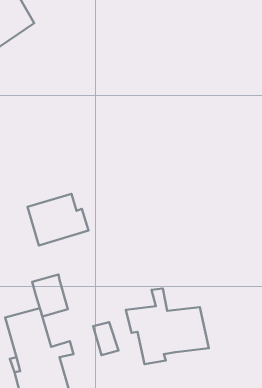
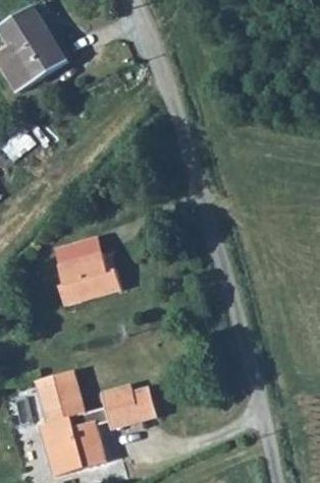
building: [32,274,68,317] -> [100,384,139,430]
building: [126,289,209,364] -> none

